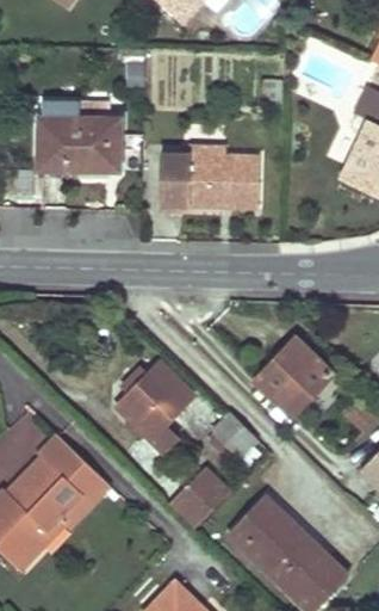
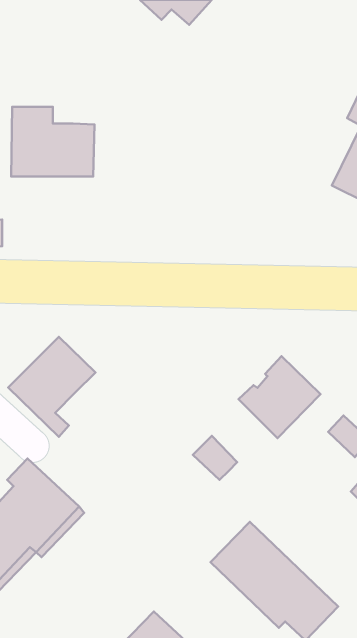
building: [162,154,260,206] -> none
building: [111,360,193,455] -> [8,337,95,437]
building: [164,459,228,524] -> none

